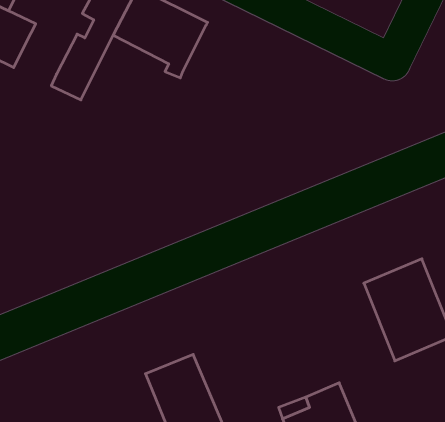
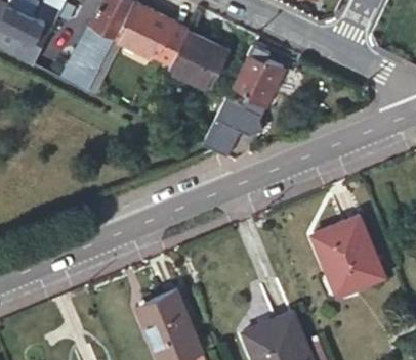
building: none -> [169,31,227,87]
building: none -> [233,45,286,115]
building: none -> [202,94,244,159]

